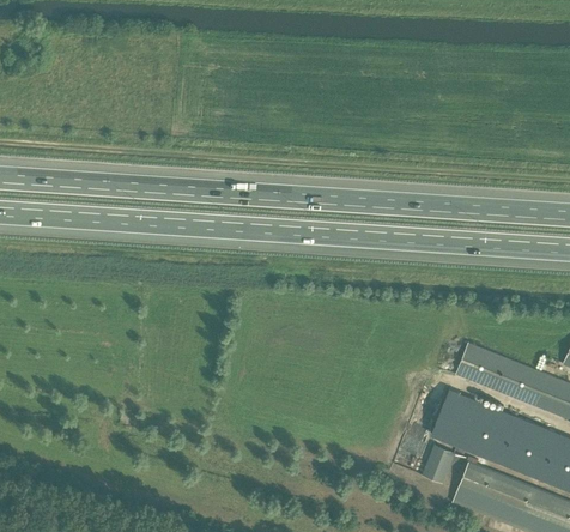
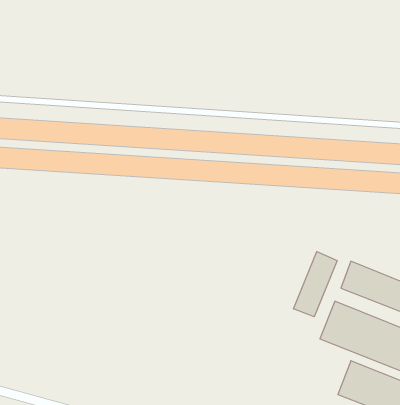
building: none -> [294,252,337,317]
building: [423,449,454,484] -> none

